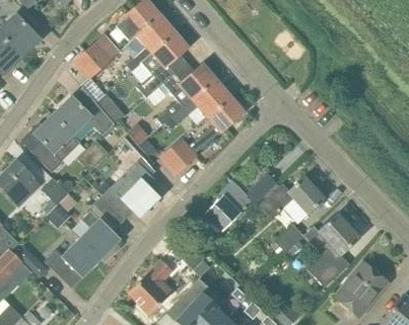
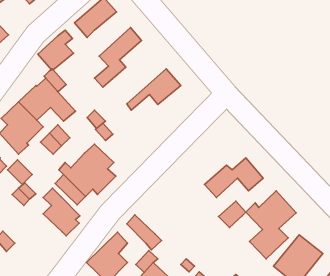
building: [126,15,177,72] -> none
building: [157,63,216,125] -> none
building: [159,96,246,176] -> none
building: [206,172,277,231] -> none
building: [45,238,101,289] -> none

